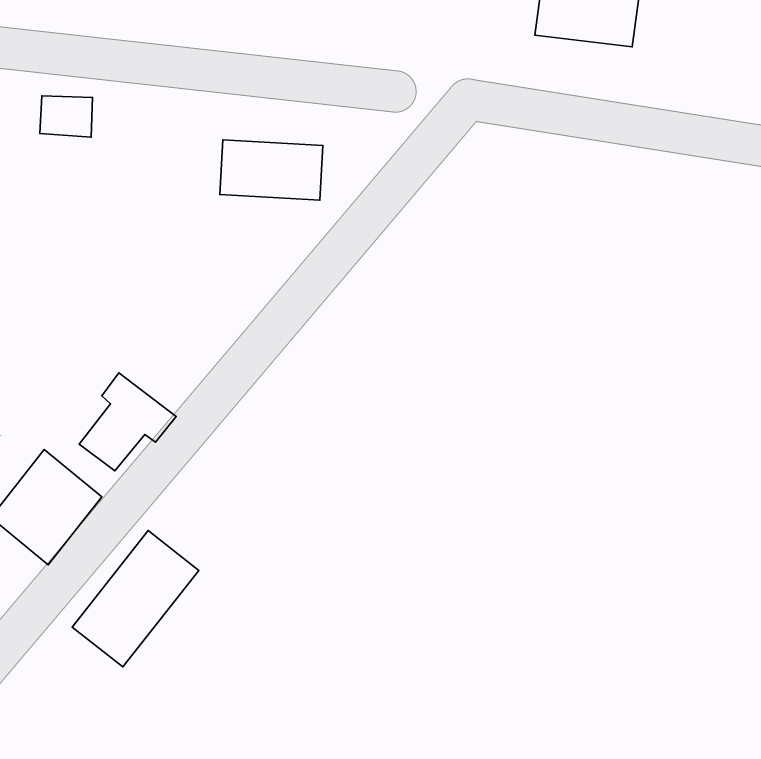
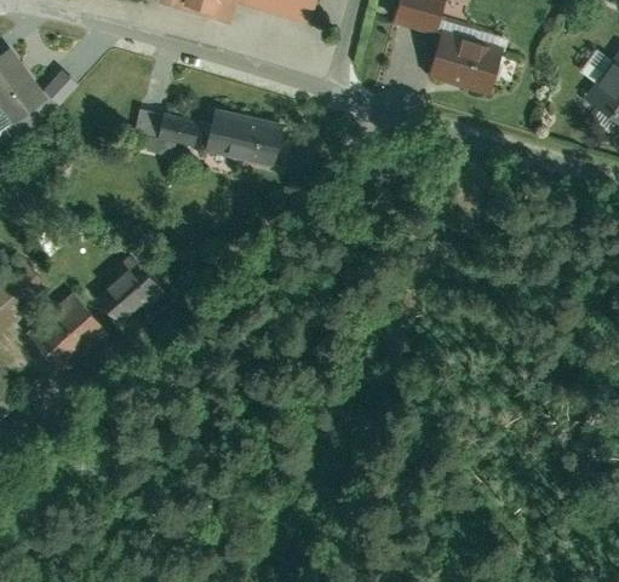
building: [40,96,93,137] -> [154,108,191,139]
building: [72,531,199,667] -> none

